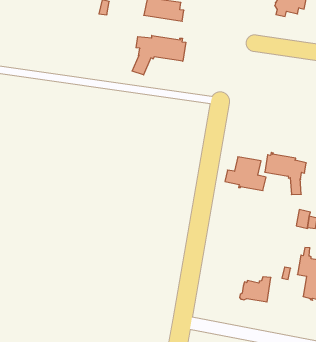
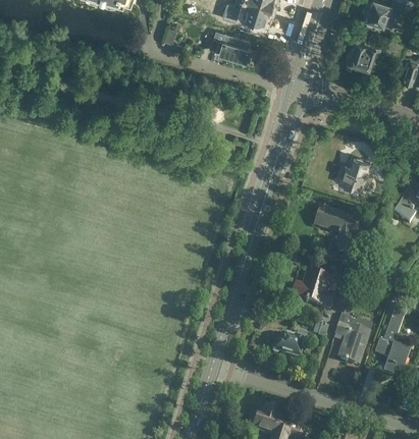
building: [132,35,186,75] -> none
building: none -> [337,154,368,186]
building: [225,157,266,191] -> [291,269,333,307]

